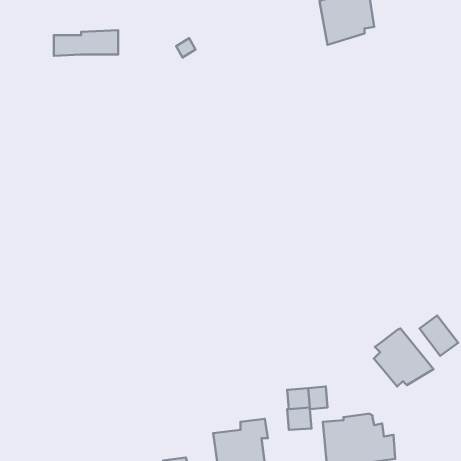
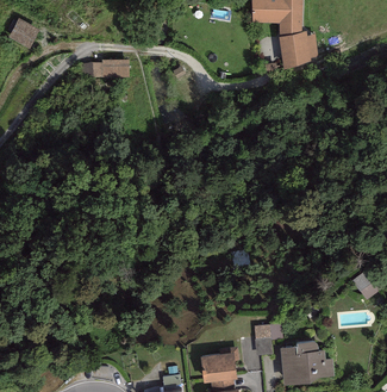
building: [374,328,433,386] -> none

